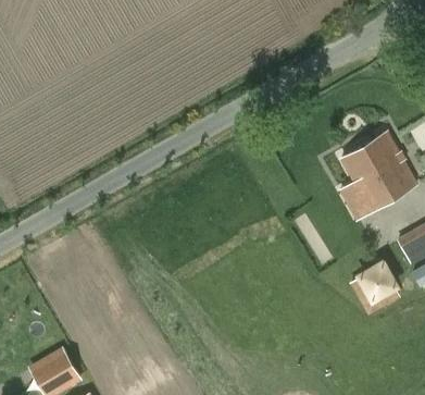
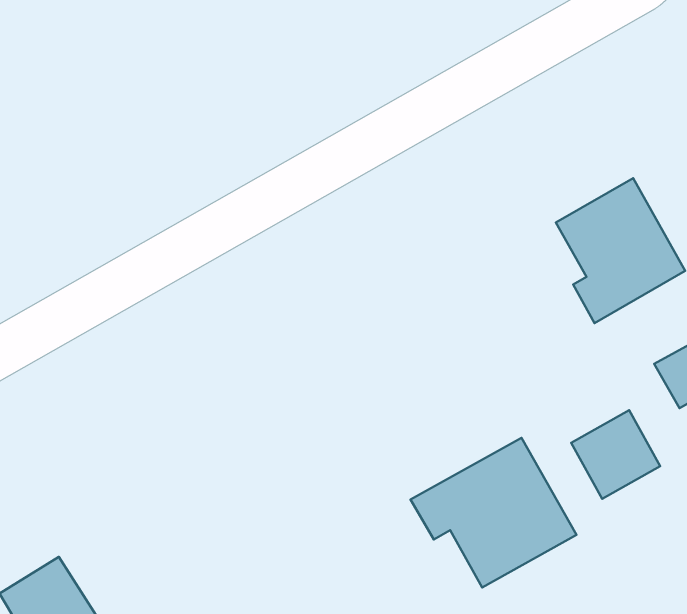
building: none -> [410,438,577,587]

